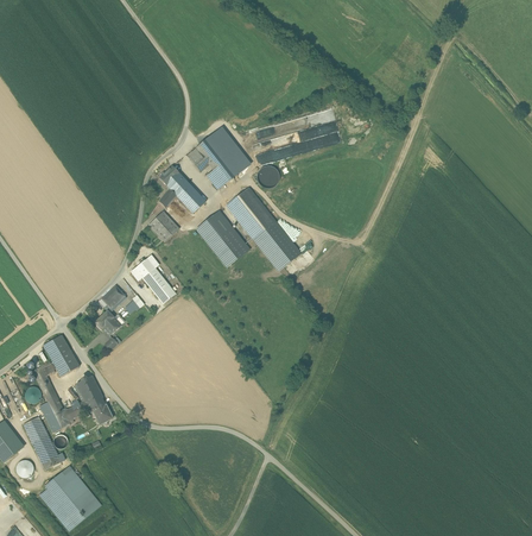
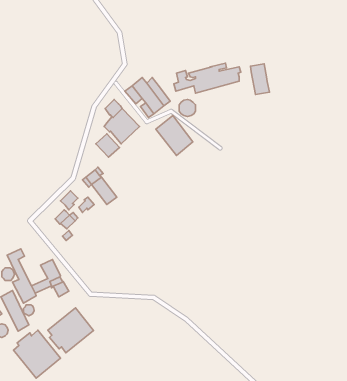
building: none -> [250,64,269,94]
building: [197,210,249,267] -> none
building: [254,221,300,270] -> none
building: [43,334,80,377] -> none
building: none -> [48,308,94,353]

